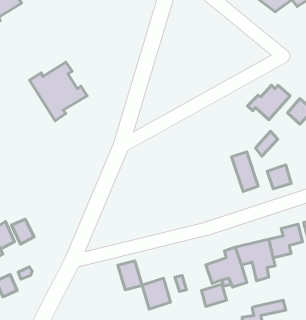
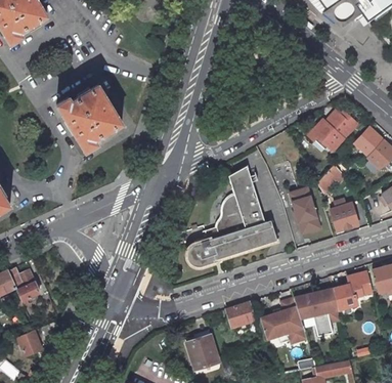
building: none -> [187,166,277,266]
building: [12,219,34,244] -> none
building: [118,261,142,290] -> none
building: [202,284,226,306] -> [226,302,255,328]

